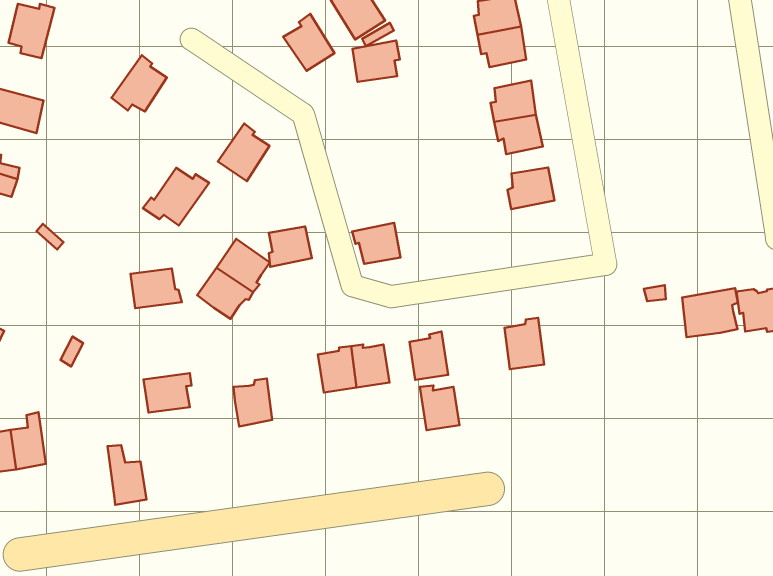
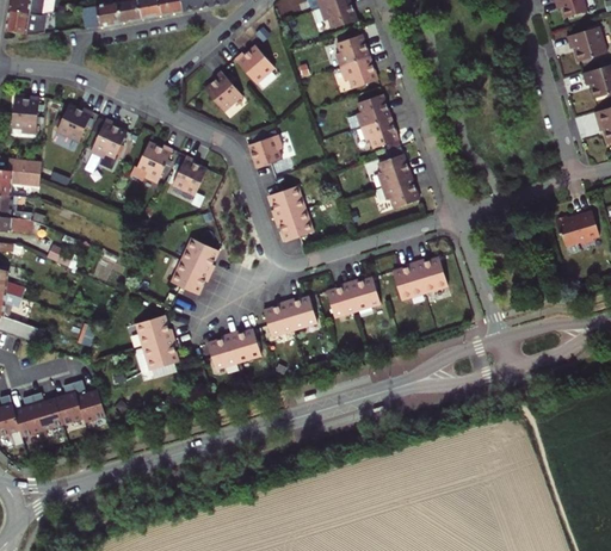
building: none -> [55,105,92,142]
building: [352,40,400,82] -> [249,134,284,167]
building: [143,168,209,226] -> [129,142,173,182]
building: none -> [384,175,421,206]
building: [269,227,312,267] -> [270,187,303,219]
building: [130,268,182,308] -> [136,315,175,347]
building: [682,288,738,337] -> none
building: none -> [415,258,448,292]
building: none -> [230,329,261,361]
building: [420,386,459,430] -> [348,277,381,310]
building: [107,445,146,505] -> [73,379,106,422]

